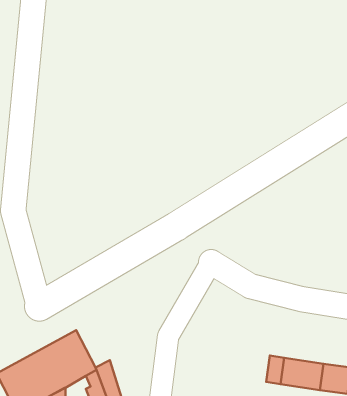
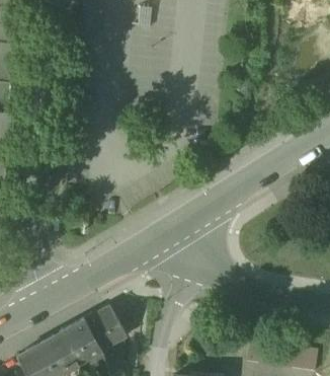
building: none -> [85,304,127,349]

